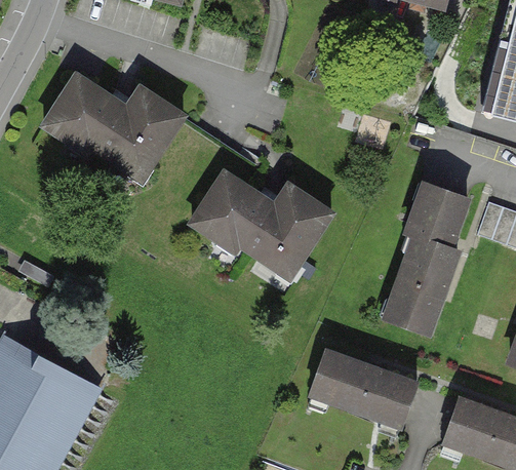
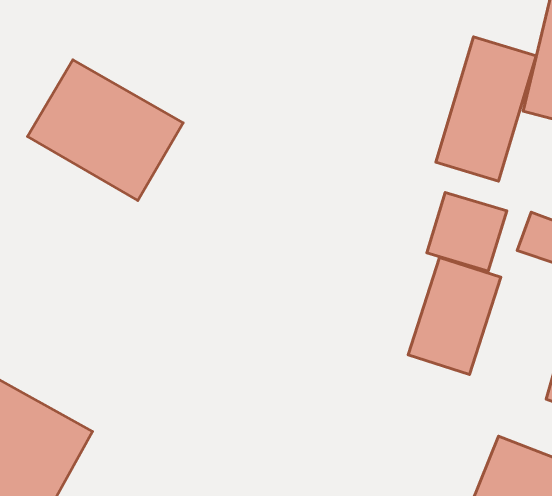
building: none -> [436,37,536,181]
building: [187,165,338,292] -> none
building: [312,345,423,439] -> none

